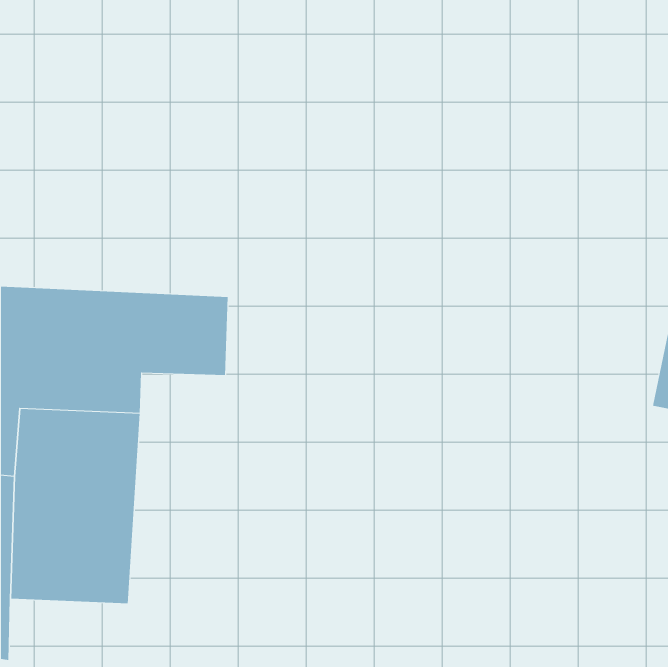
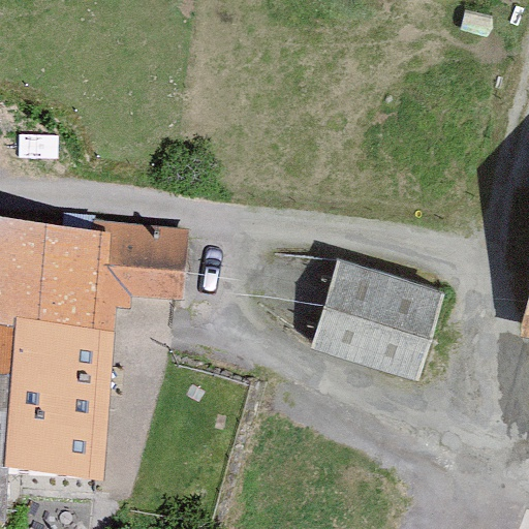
building: none -> [309,253,439,371]

